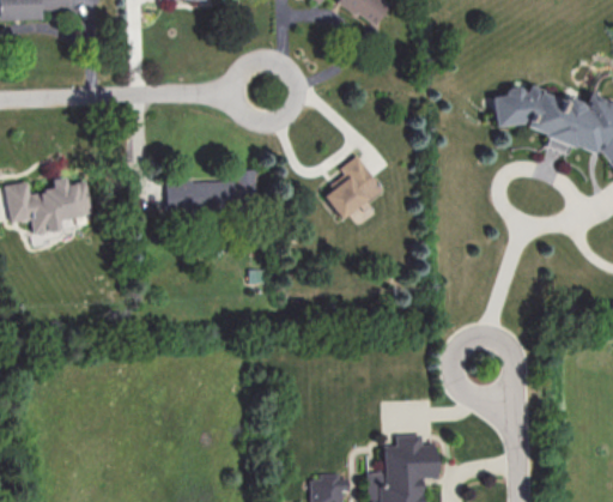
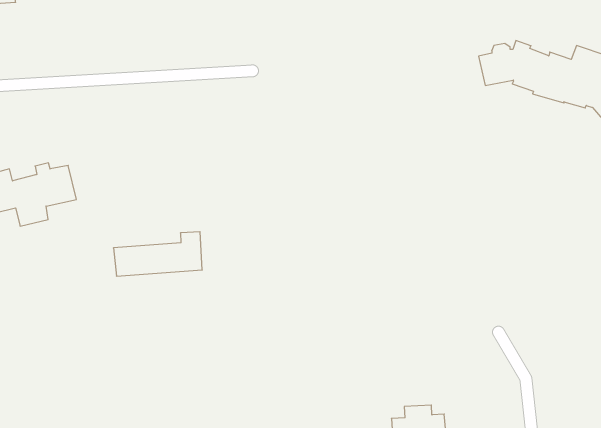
building: [324,155,383,218] -> none
building: [172,170,257,208] -> [113,232,202,276]

